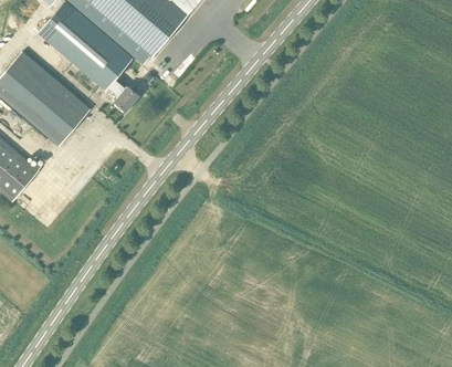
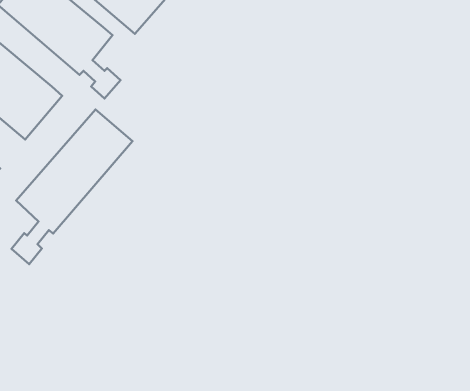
building: none -> [11,110,132,264]

